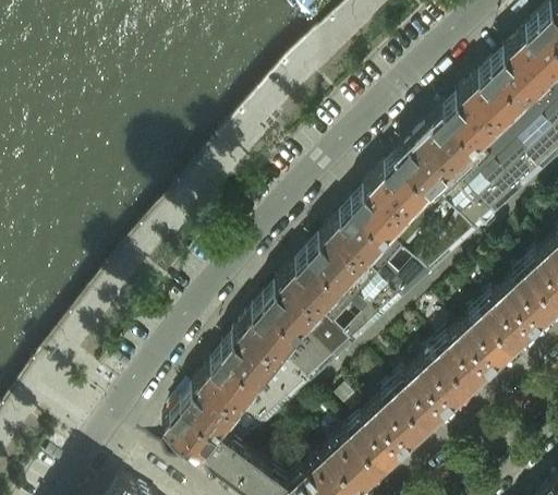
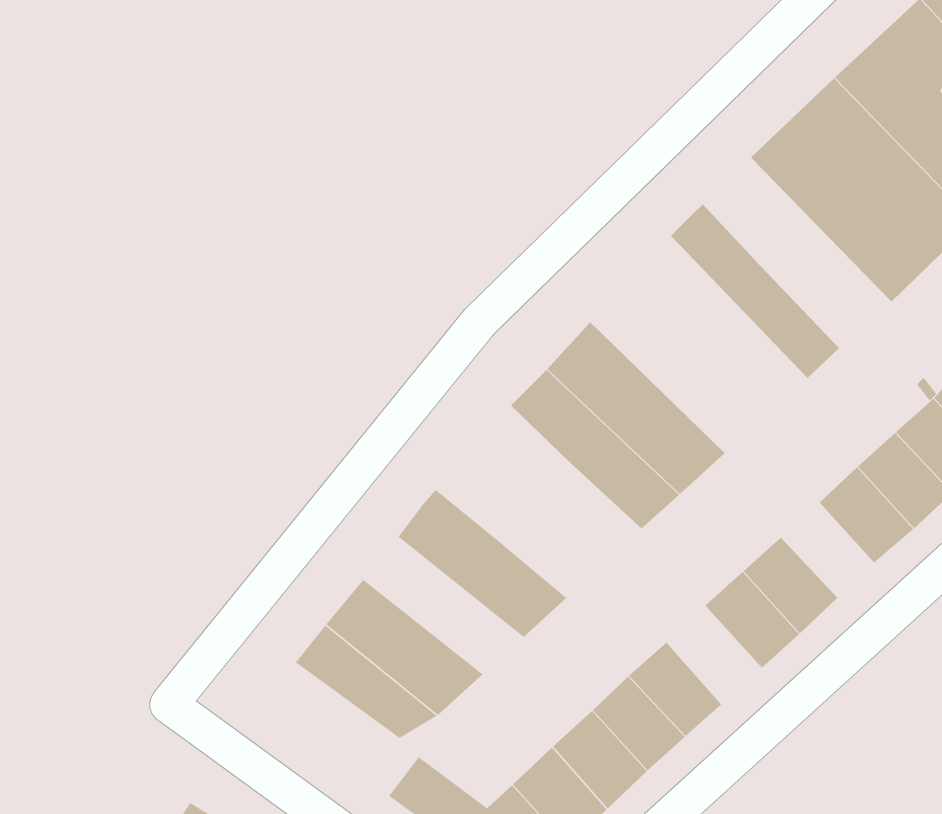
building: [412,116,520,225] -> none
building: [348,160,472,285] -> none
building: [259,257,377,367] -> none
building: [457,313,510,367] -> none
building: [218,333,310,411] -> none
building: [391,372,446,428] -> none
building: [160,405,250,481] -> none

